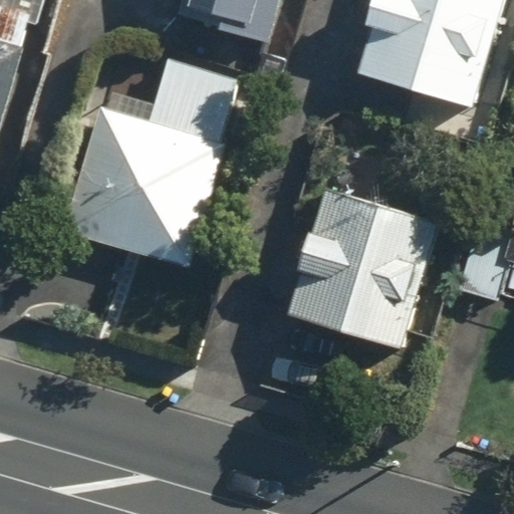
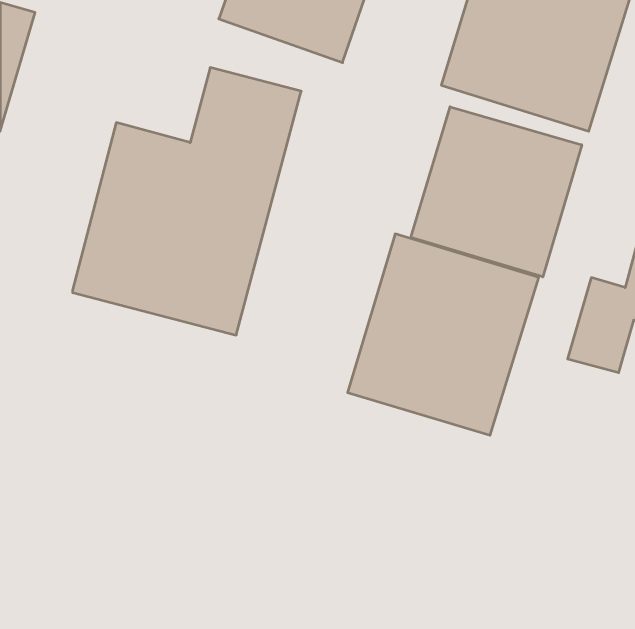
building: none -> [411,107,582,277]

